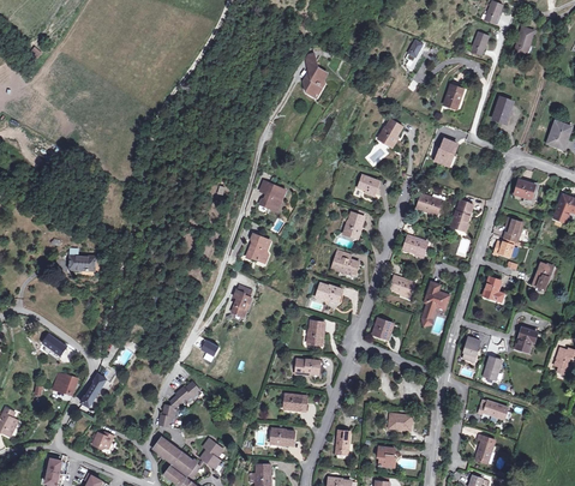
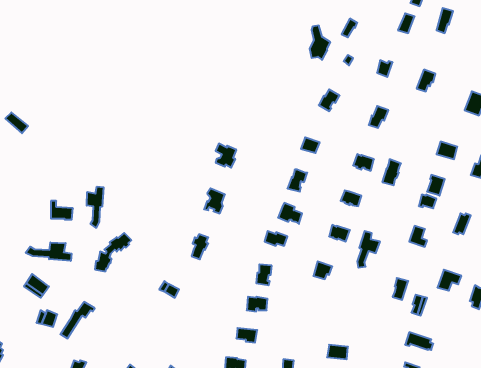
building: [304,54,328,94] -> [310,26,330,60]
building: none -> [87,187,104,228]
building: none -> [26,242,72,261]
building: [158,383,200,427] -> [95,233,131,271]

